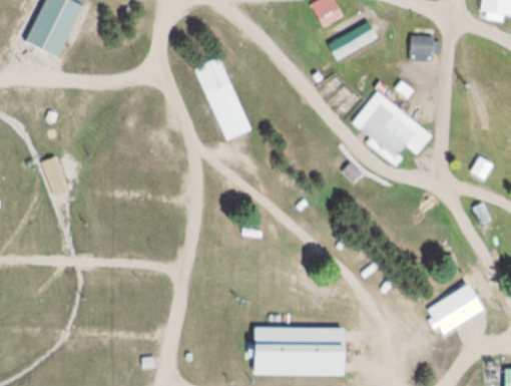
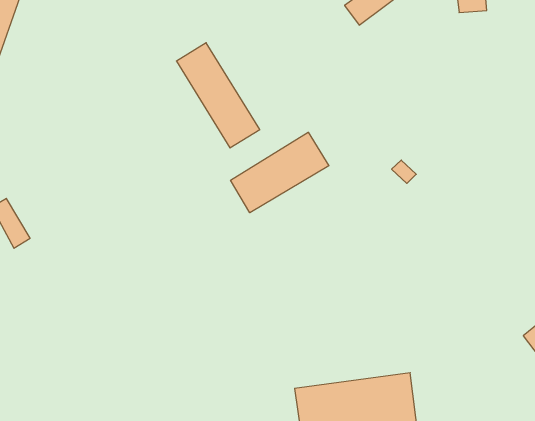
building: [353,91,433,163] -> none
building: none -> [231,132,329,213]

